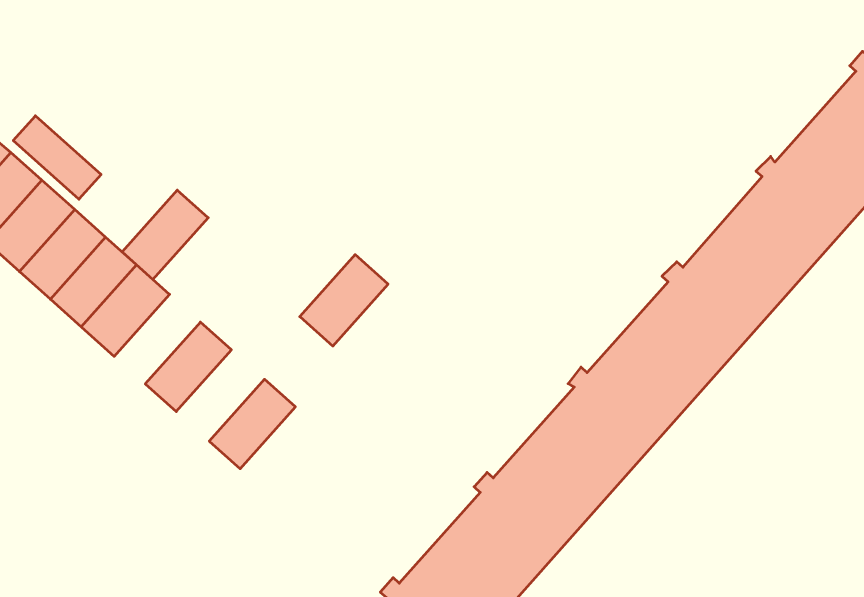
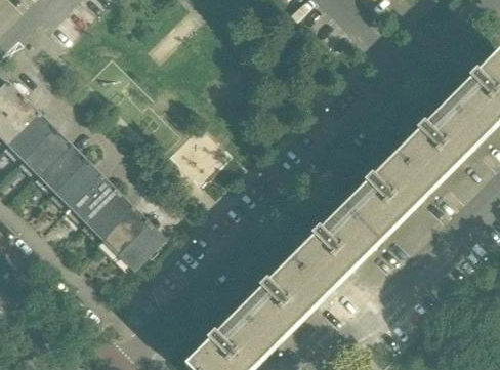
building: [13,116,101,199] -> none
building: [122,190,208,280] -> [71,176,117,222]
building: [300,255,388,346] -> [101,207,149,254]

